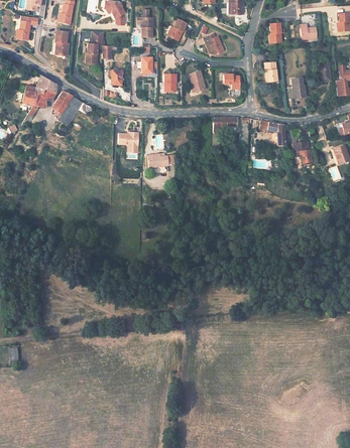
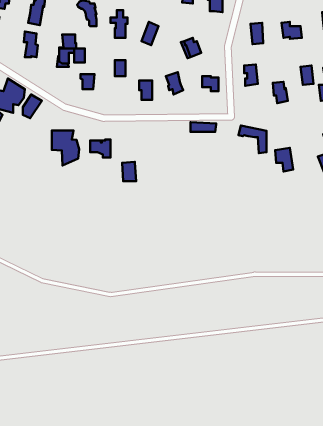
building: none -> [52,130,79,165]

